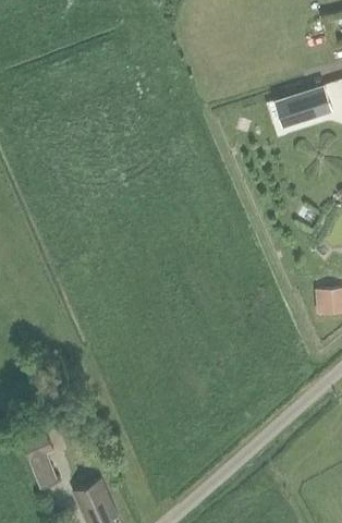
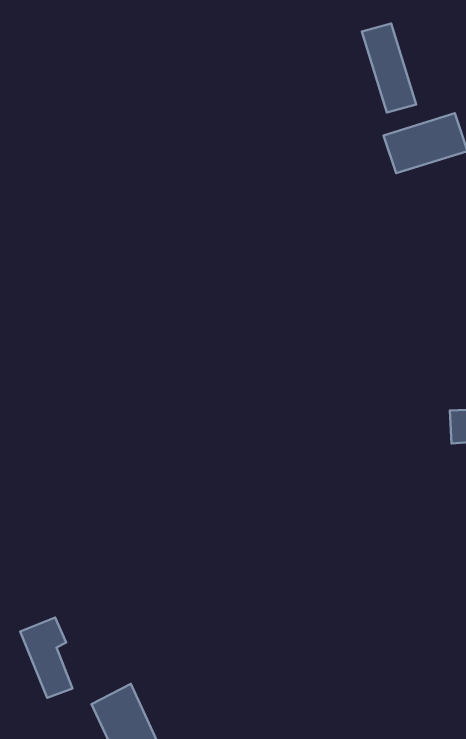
building: none -> [362,23,416,113]

